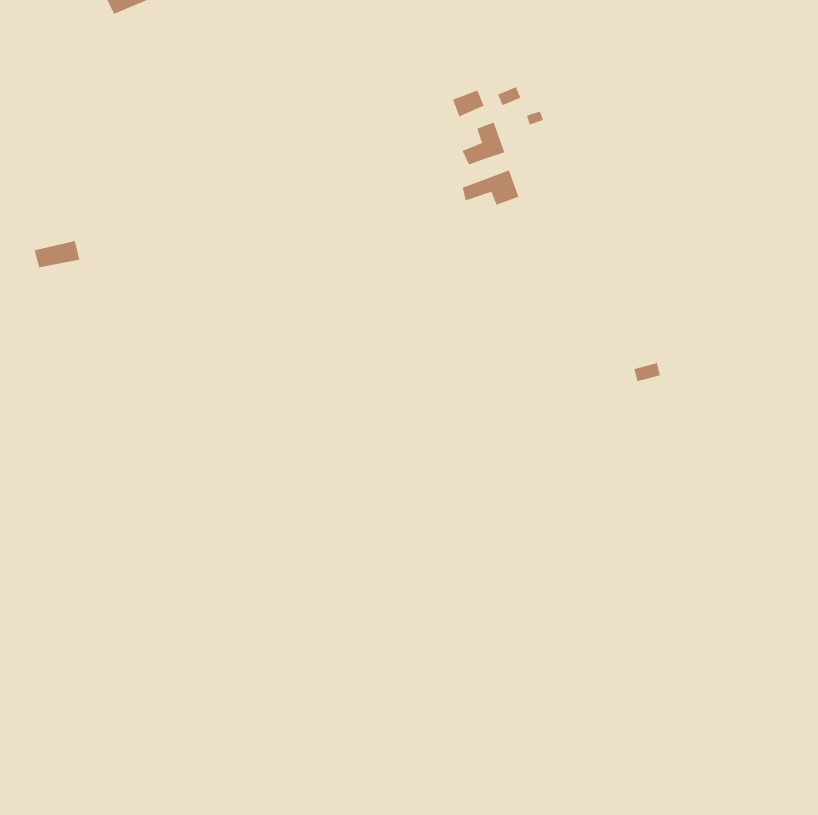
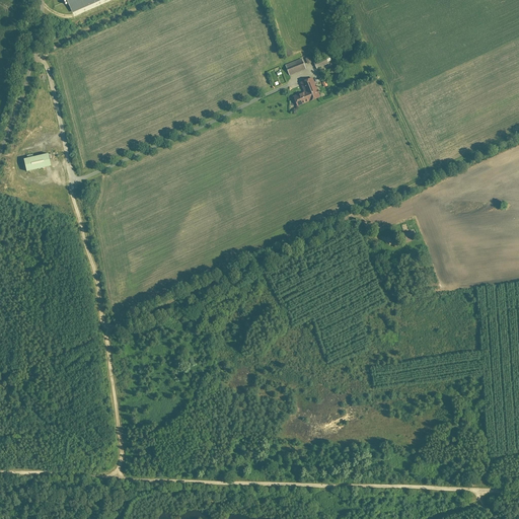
building: [462,169,519,205] -> none

